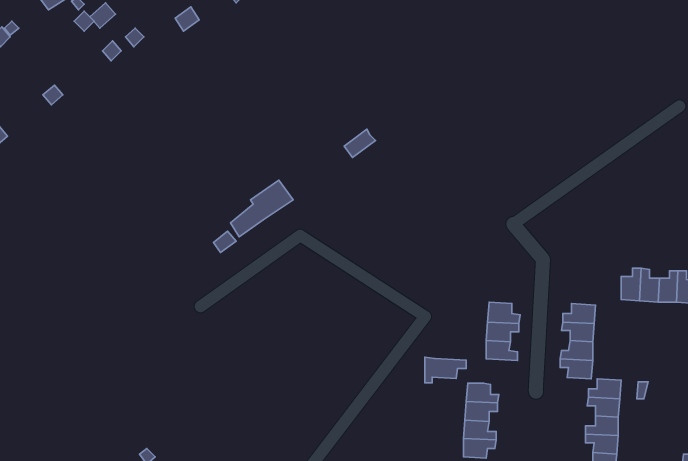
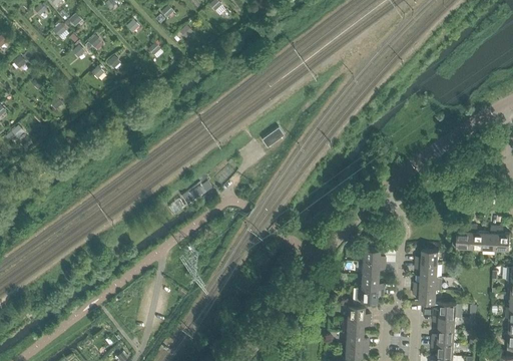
building: [425,357,466,383] -> [355,287,384,305]

